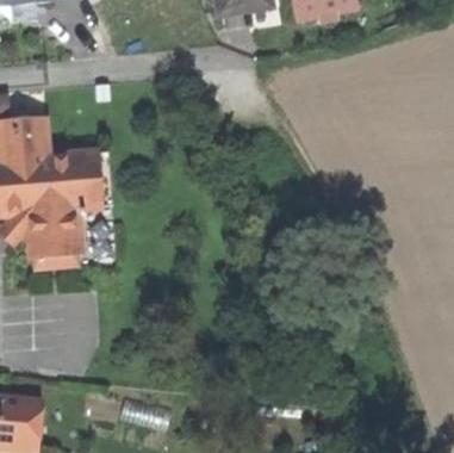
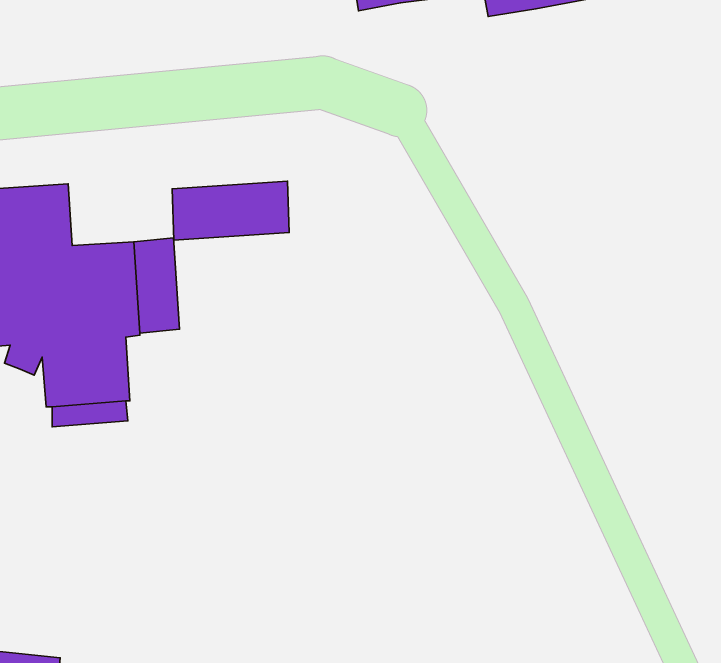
building: none -> [172,181,289,240]

